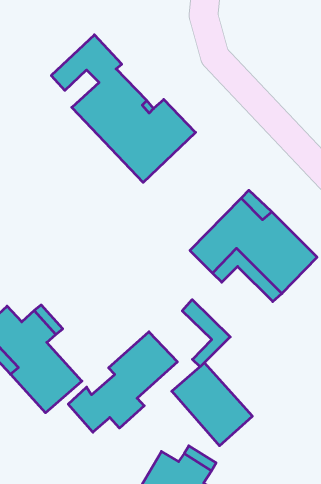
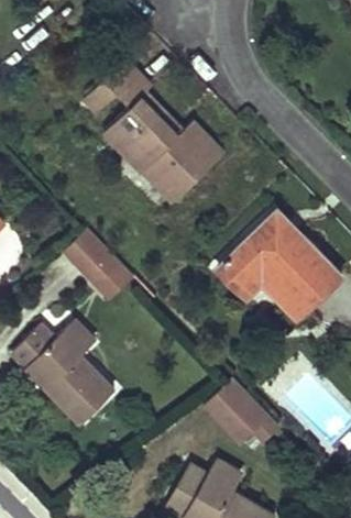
building: none -> [59,228,132,304]
building: [182,300,230,367] -> none
building: [68,332,177,432] -> none

